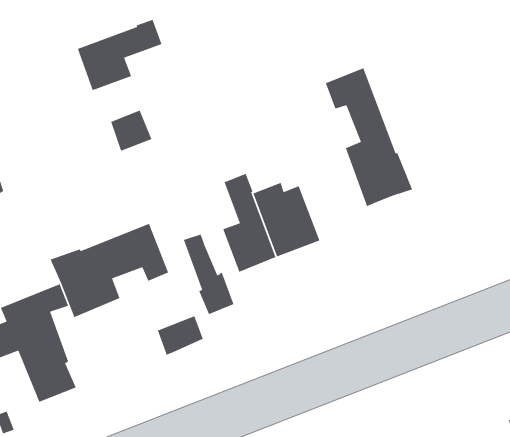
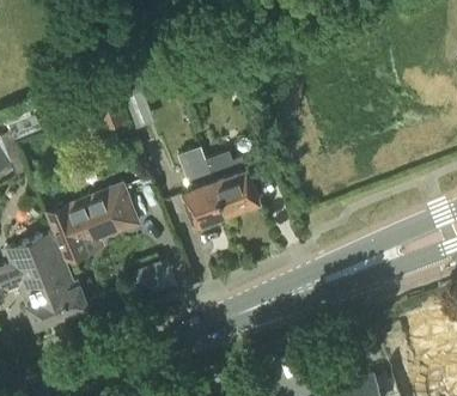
building: [77,19,162,91] -> none
building: [325,67,413,207] -> none
building: [183,234,234,315] -> [47,255,87,319]

